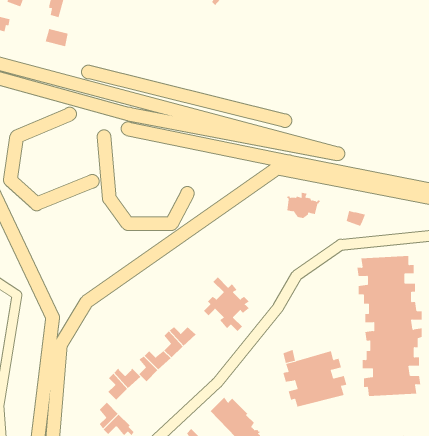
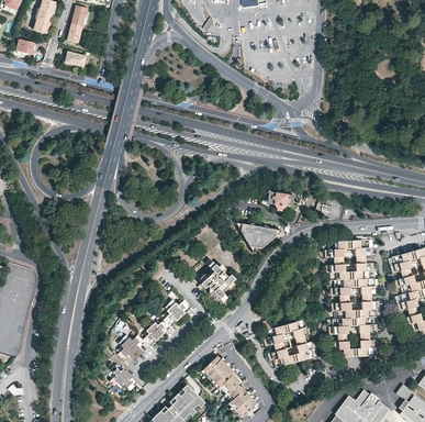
building: none -> [236,222,281,249]

